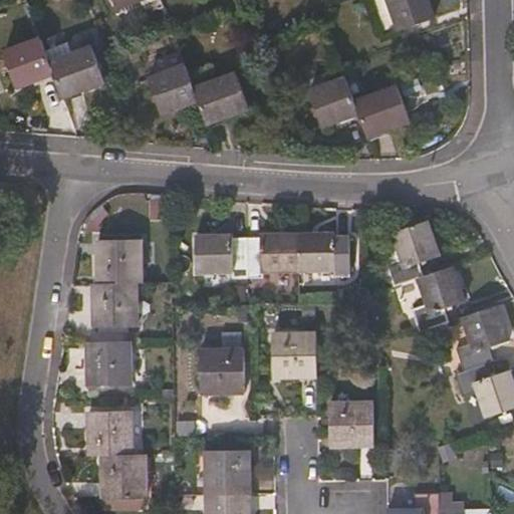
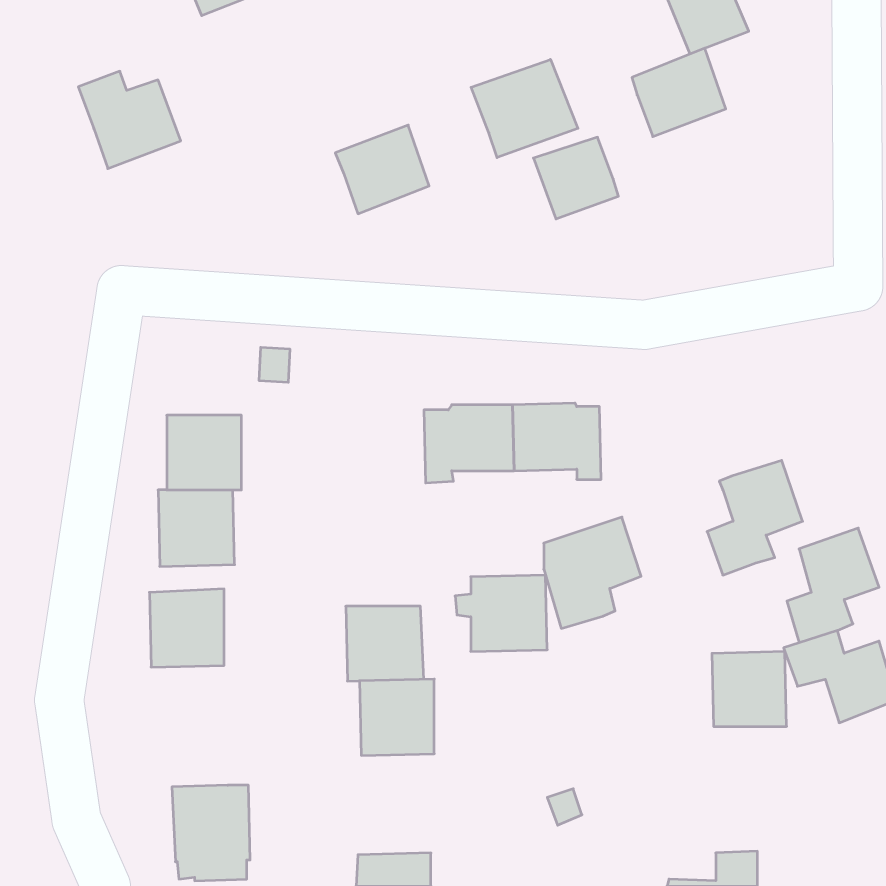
building: none -> [471,59,578,158]
building: [5,39,55,87] -> none
building: [149,50,200,114] -> none
building: [355,86,410,138] -> [632,48,726,137]
building: [382,221,439,285] -> [544,517,641,628]
building: [196,235,247,279] -> none
building: [330,403,373,446] -> [712,652,787,726]
building: [88,411,133,456] -> none
building: [207,450,250,494] -> [359,679,434,755]

